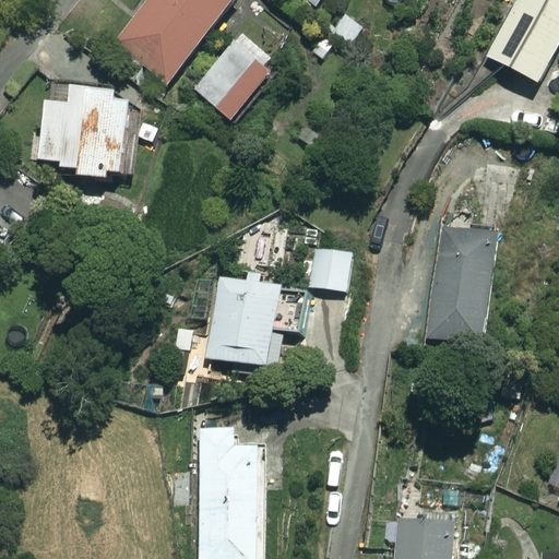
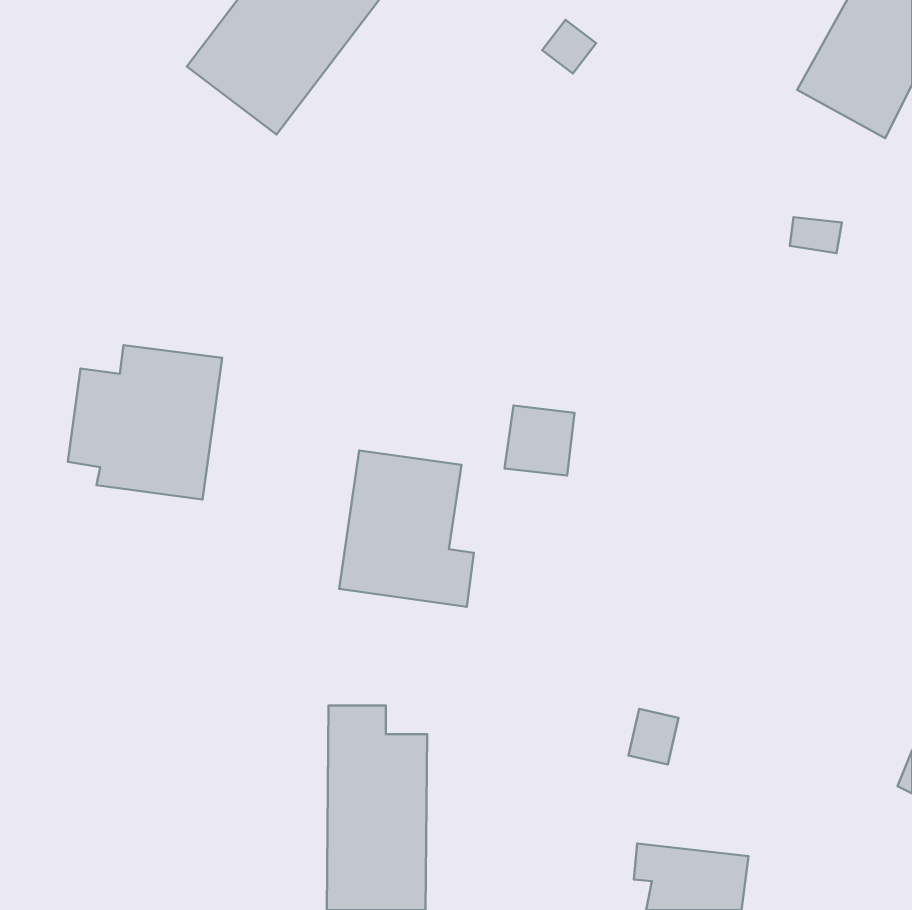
building: [193,33,273,122] -> none
building: [37,87,131,181] -> [68,345,222,500]
building: [425,234,496,344] -> none

